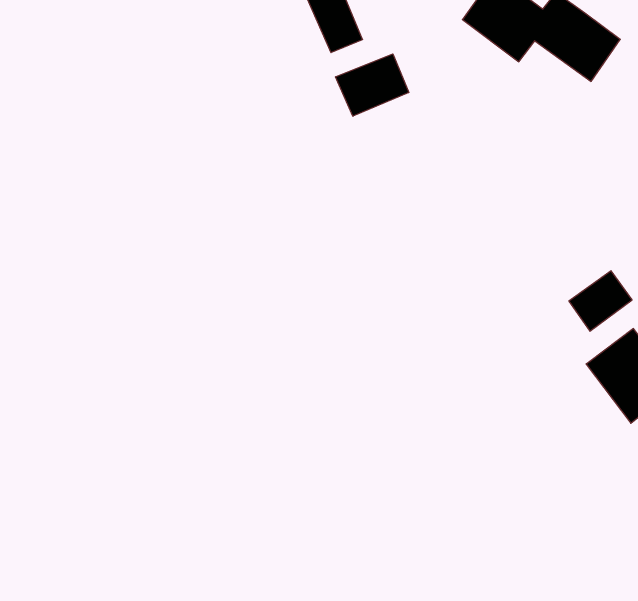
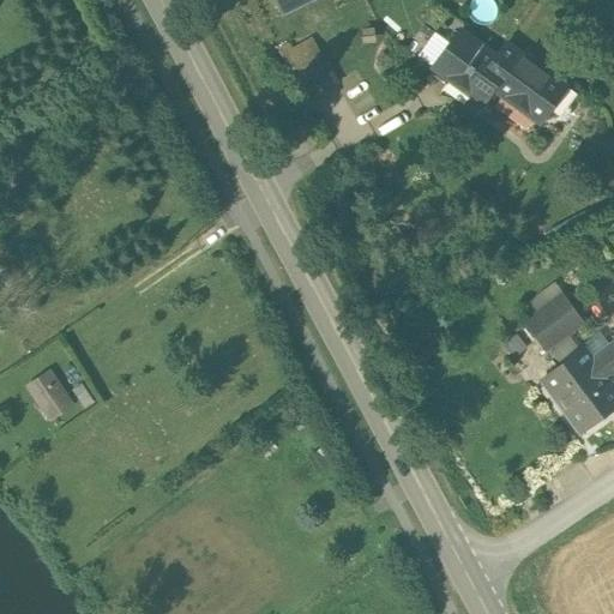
building: [336,54,409,116] -> none
building: none -> [23,368,74,422]

